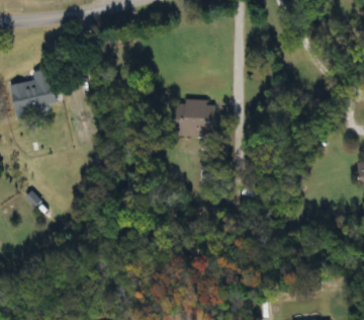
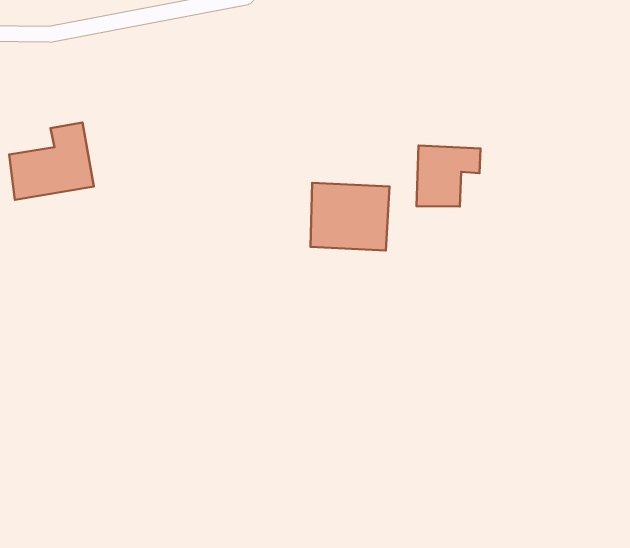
building: none -> [416,145,481,207]

